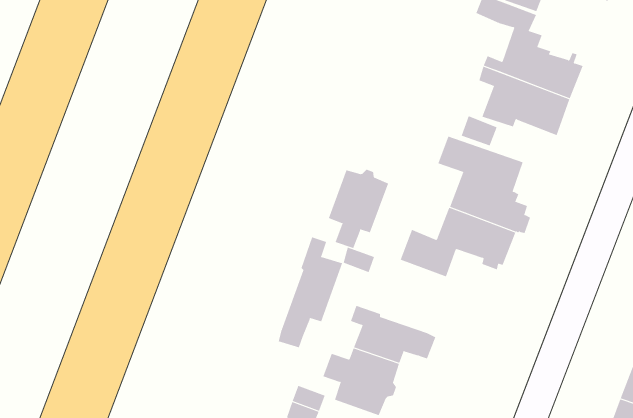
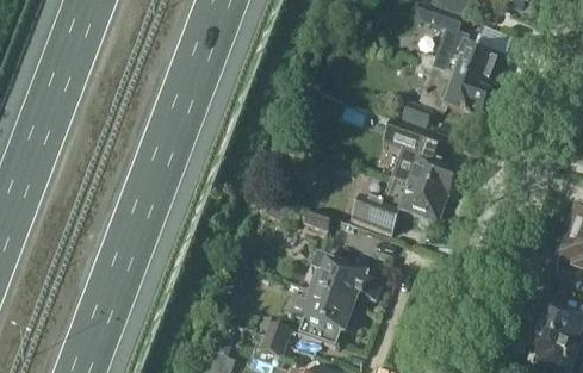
building: [328,169,389,249] -> none
building: [278,236,343,348] -> none

